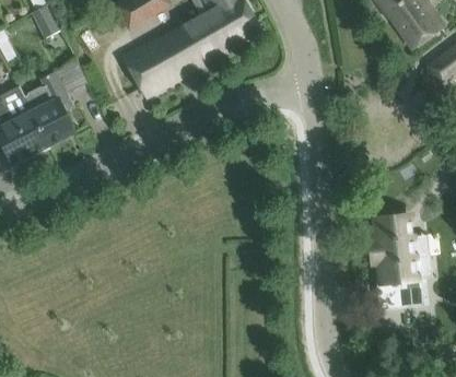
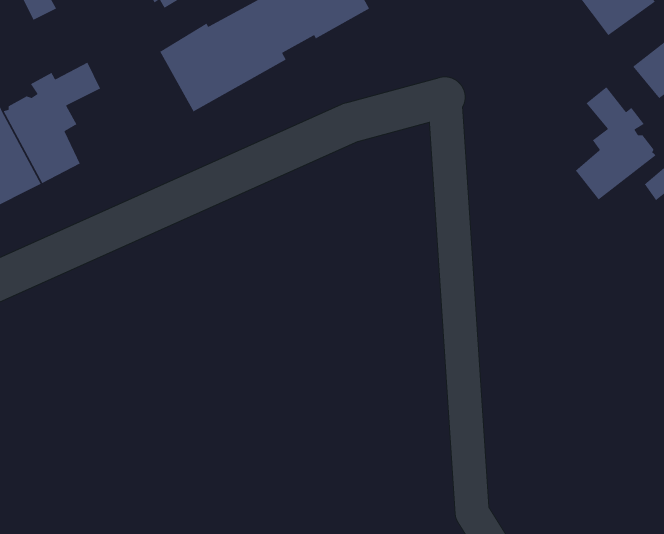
building: none -> [575,86,657,201]
building: [374,216,434,307] -> none

